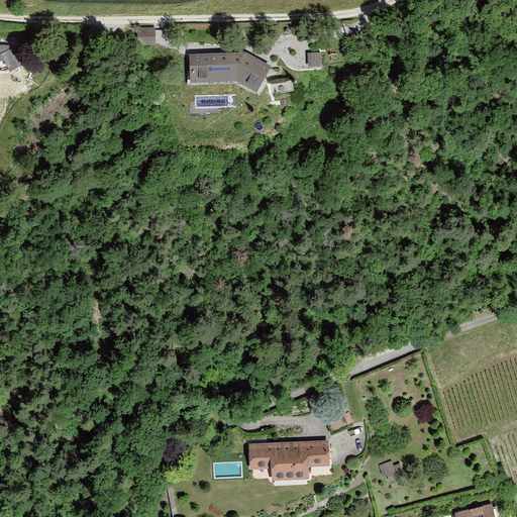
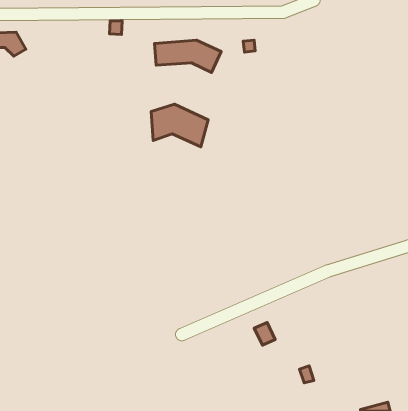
building: none -> [151,104,208,147]
building: [246,442,324,479] -> none

